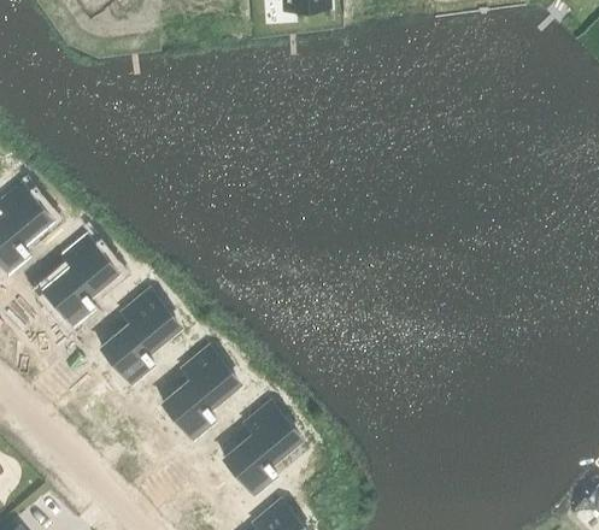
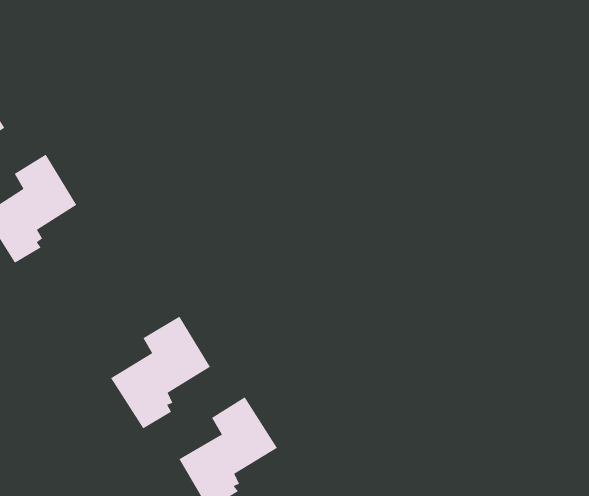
building: [101,289,178,383] -> none

